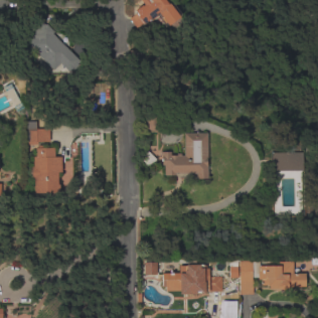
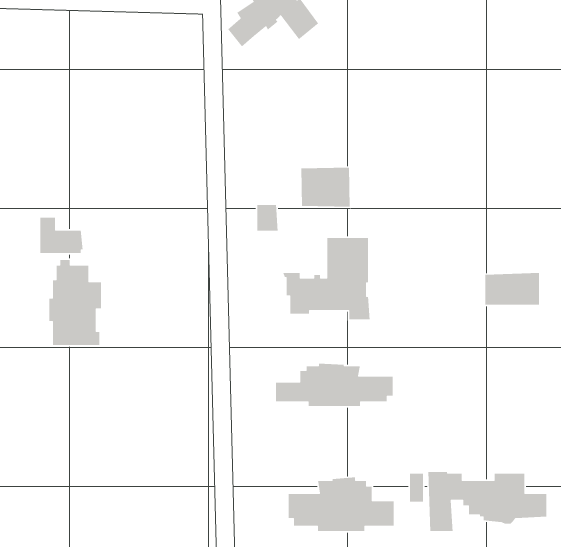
building: [29,24,82,71] -> none
building: none -> [300,167,351,208]
building: none -> [275,363,394,407]

